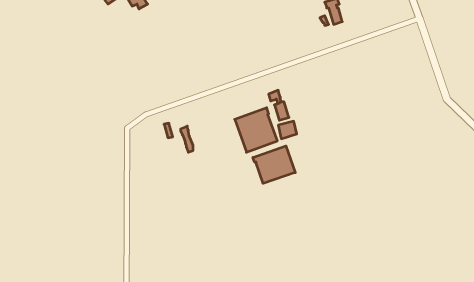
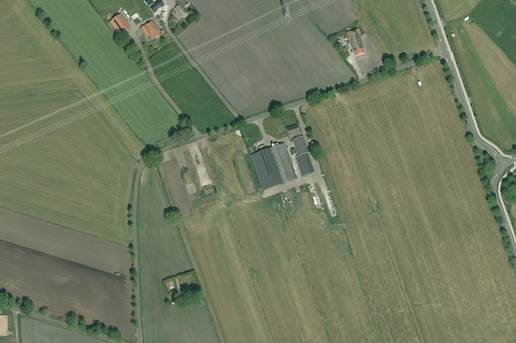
building: [253,146,295,183] -> none

